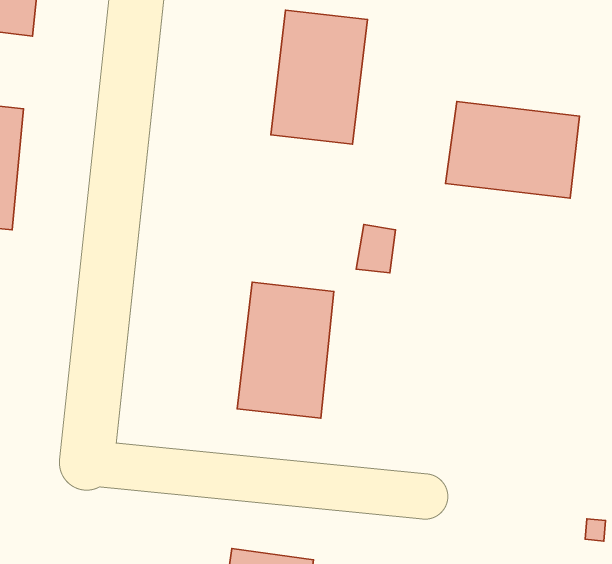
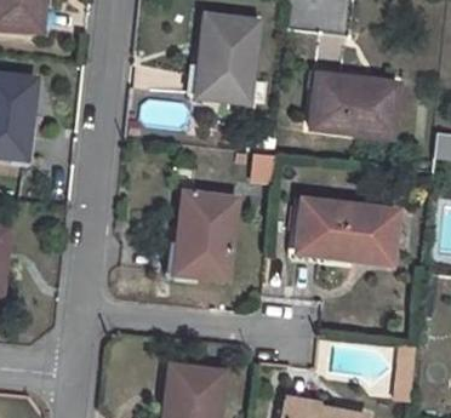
building: none -> [295,197,398,263]

